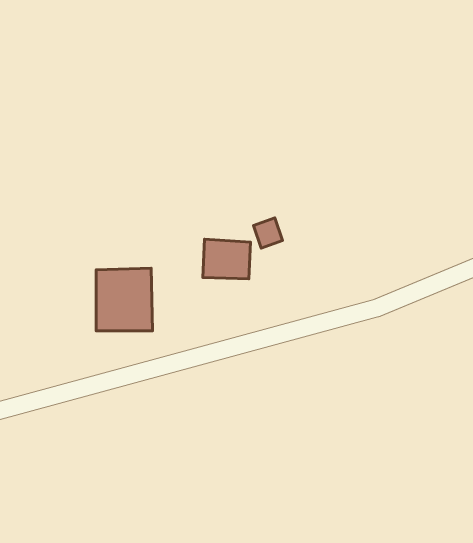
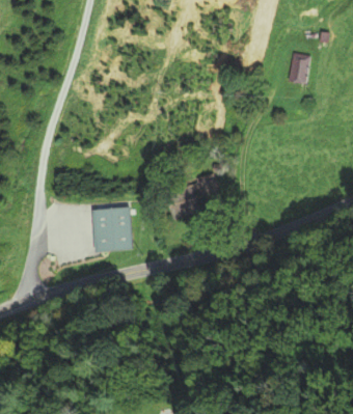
building: none -> [291,52,315,85]

